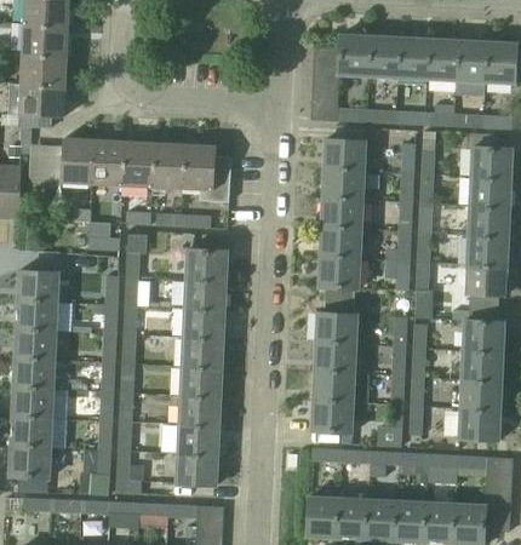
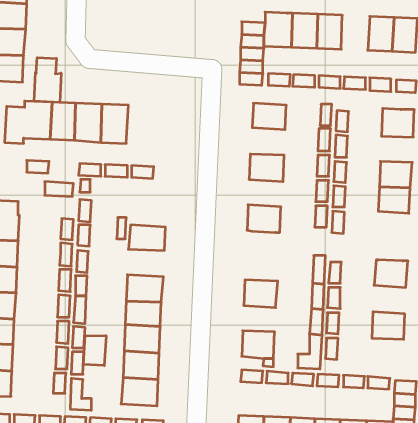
building: [426,41,459,81] -> none
building: none -> [34,58,61,102]
building: [181,144,233,201] -> none
building: [322,170,362,201] -> none
building: [471,179,509,210] -> none
building: [320,229,360,260] -> none
building: [185,251,227,283] -> none
building: [466,265,504,322] -> none
building: [316,288,355,345] -> none
building: [182,309,224,340] -> none
building: [463,350,500,383] -> none
building: [314,373,351,403] -> none
building: none -> [83,336,106,366]
building: [460,411,498,440] -> none

